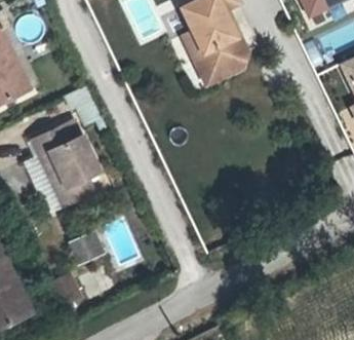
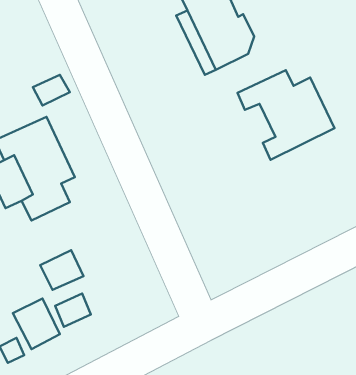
building: none -> [237,70,335,160]

